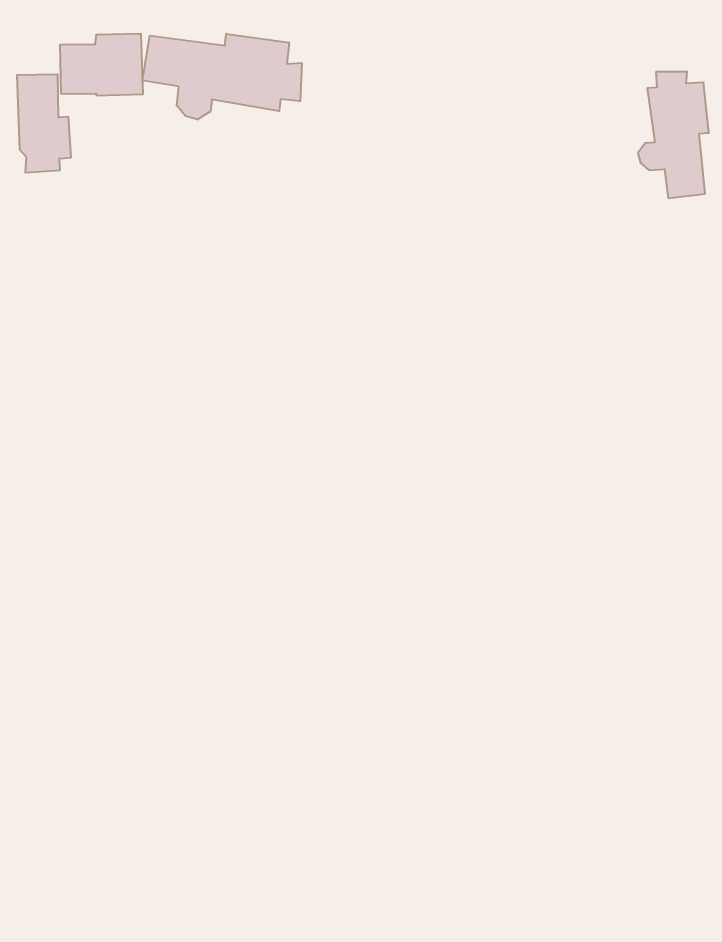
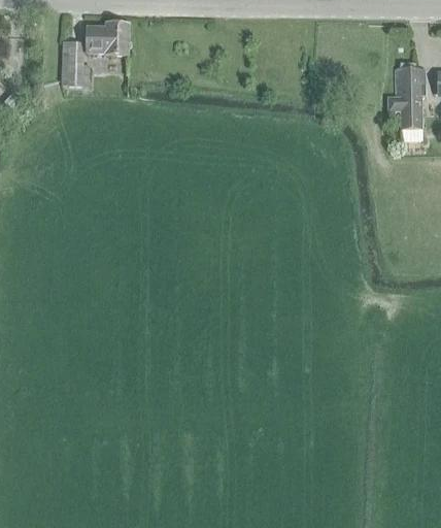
building: [143,34,302,120] -> none

